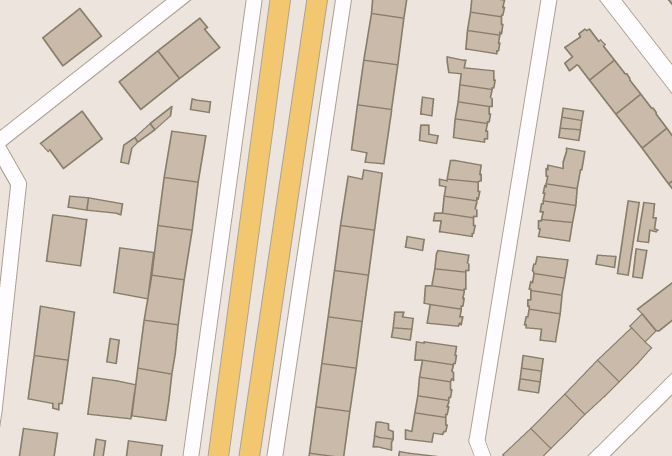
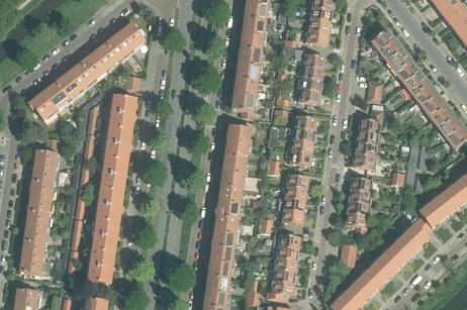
building: [43,8,102,66] -> [56,64,94,101]
building: [114,248,154,299] -> [28,181,55,214]
building: [88,377,136,419] -> none

